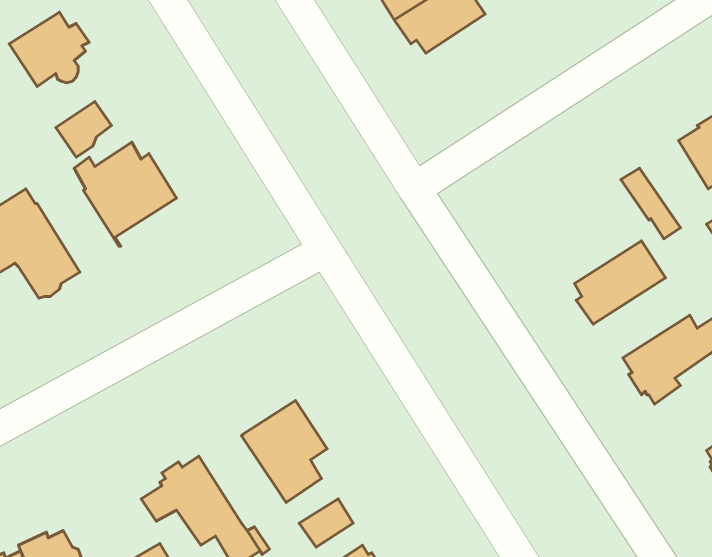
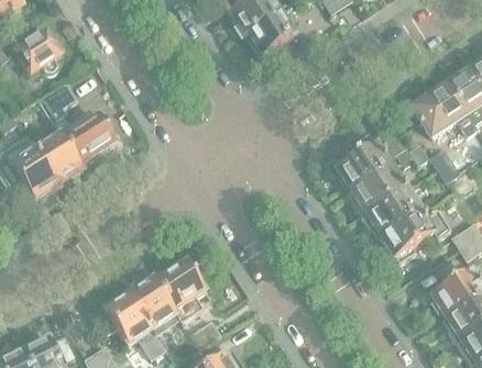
building: none -> [33,132,81,183]
building: none -> [333,132,391,190]
building: none -> [362,187,419,234]
building: none -> [129,275,178,332]

